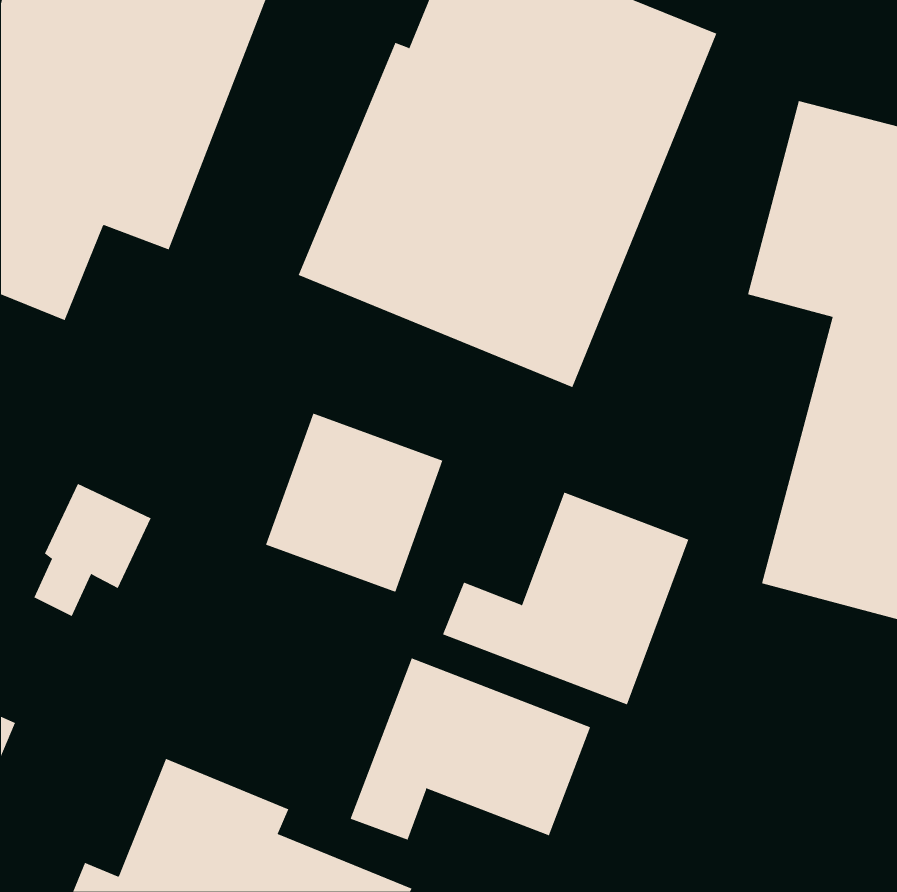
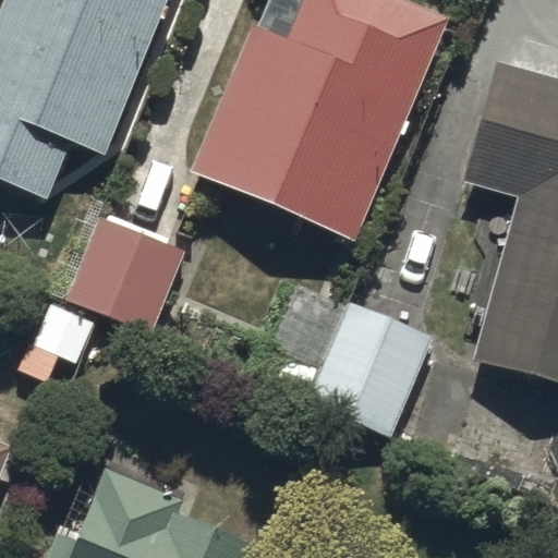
building: [265,413,443,593] -> [69,219,179,330]
building: [350,657,591,840] -> none

